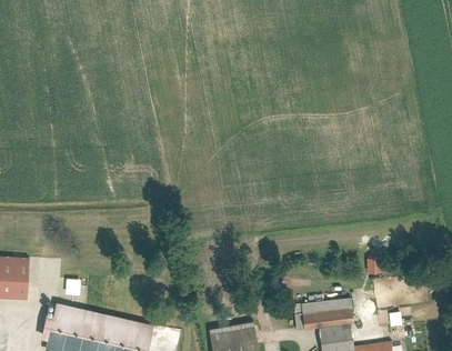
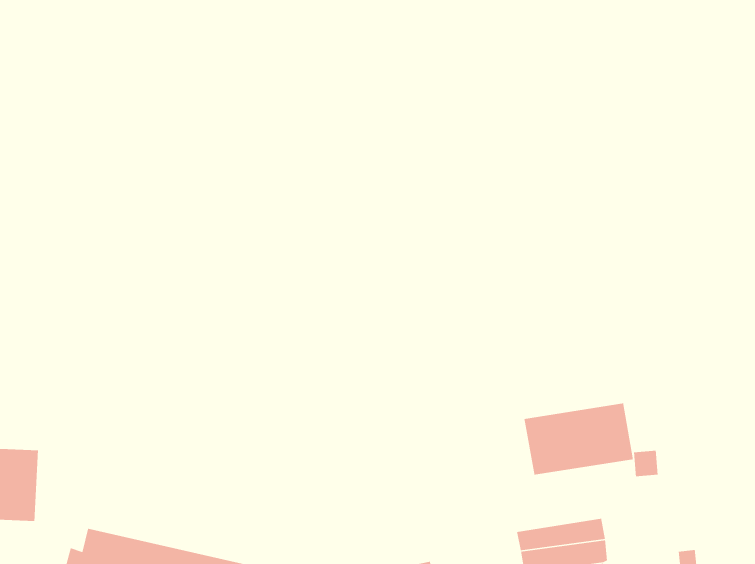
building: none -> [524,403,634,476]

